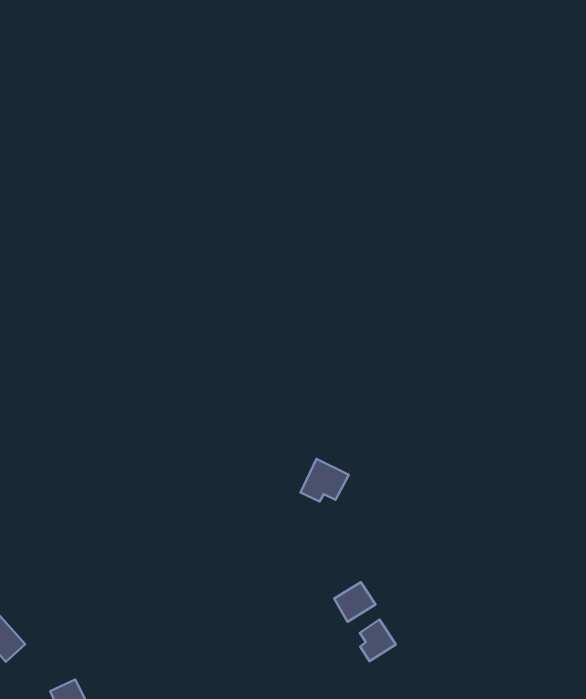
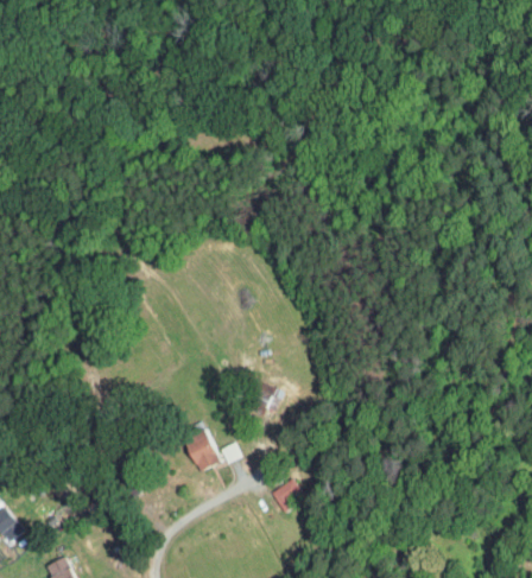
building: none -> [184,430,218,471]
building: [360,620,396,661] -> none

